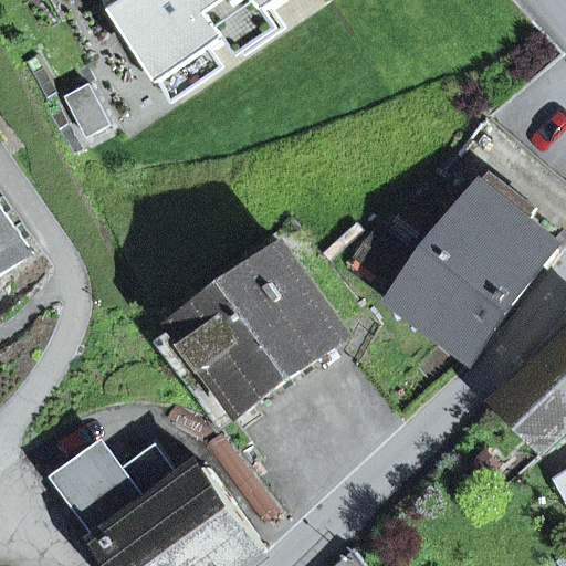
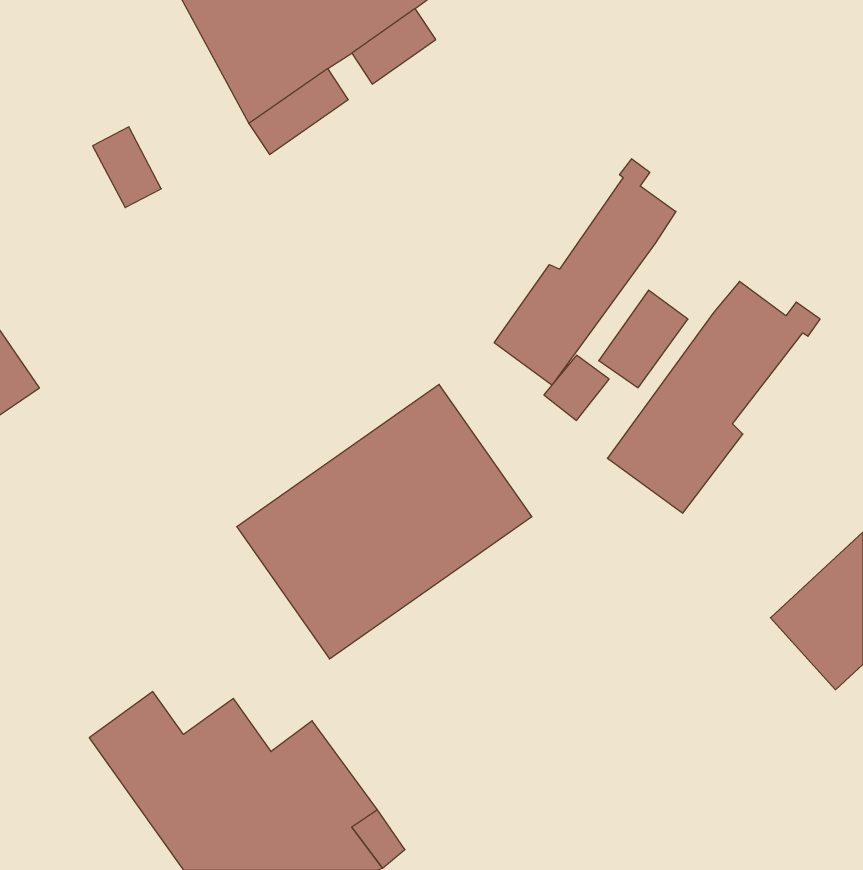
building: none -> [494,159,676,385]
building: [440,214,552,350] -> none

